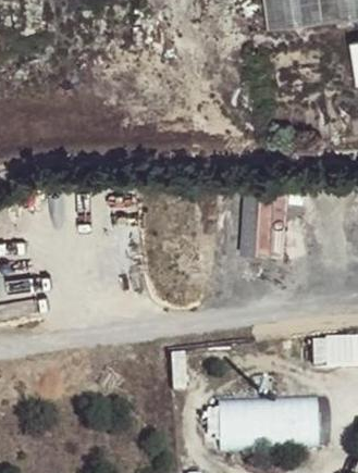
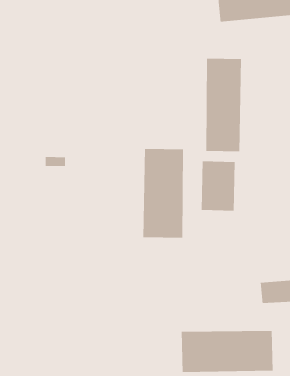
building: none -> [205,58,242,152]
building: none -> [143,148,184,239]

